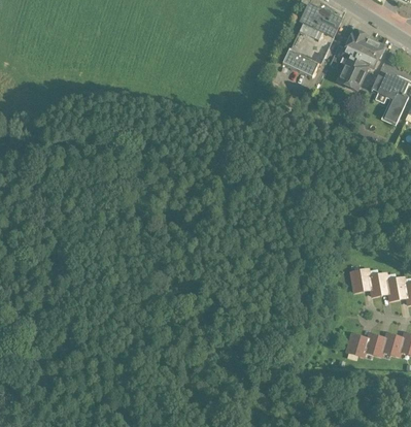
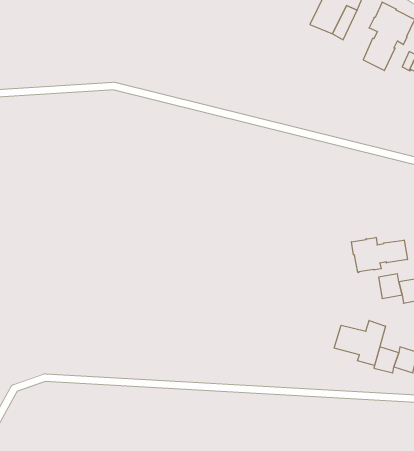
building: [283,50,318,77] -> none
building: none -> [351,237,407,273]
building: none -> [334,320,386,365]

